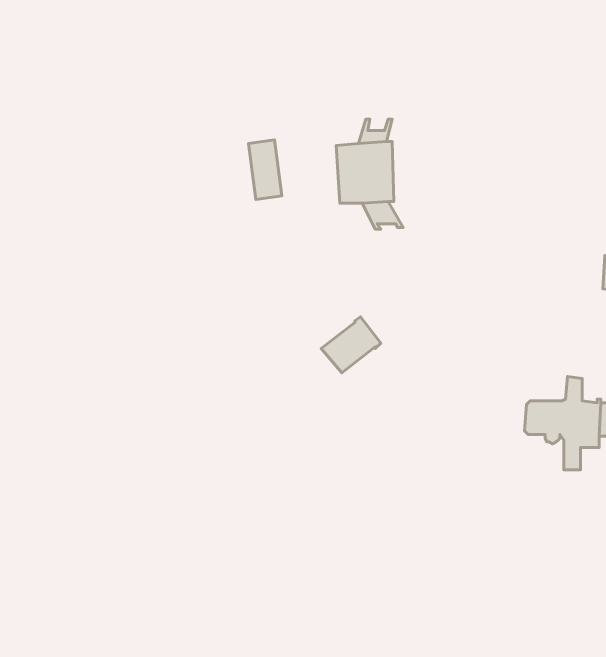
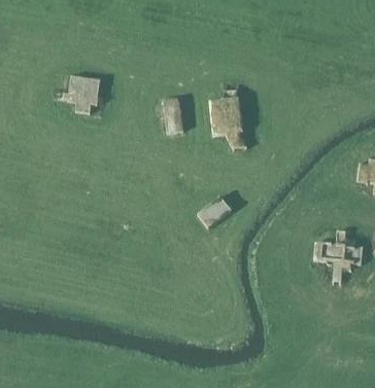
building: none -> [53,75,100,112]

